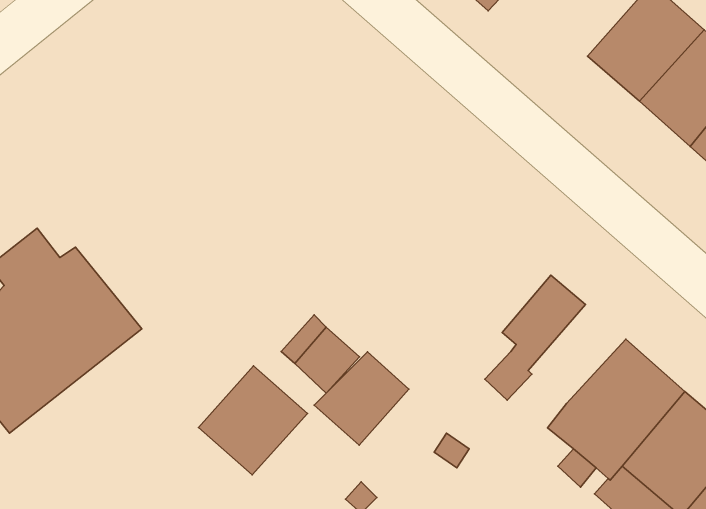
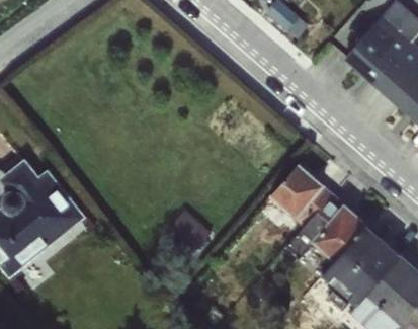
building: none -> [270,163,325,220]
building: none -> [312,203,368,261]
building: [314,352,409,445] -> none
building: [198,366,307,475] -> none

